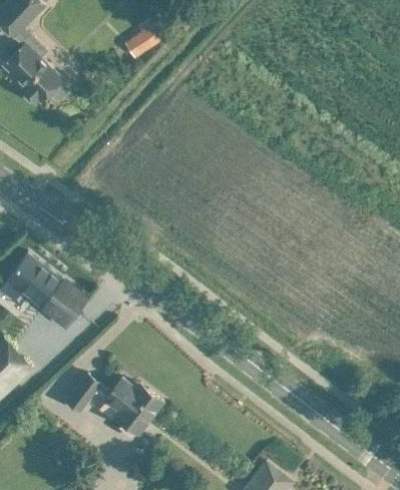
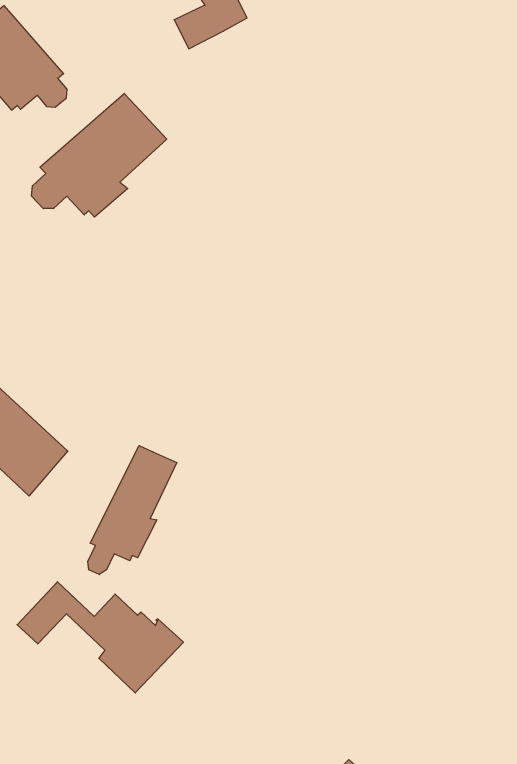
building: none -> [32,93,167,217]
building: none -> [88,446,177,575]

